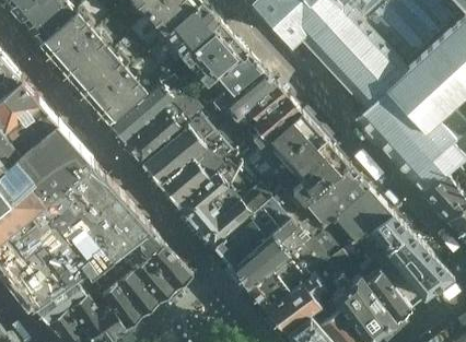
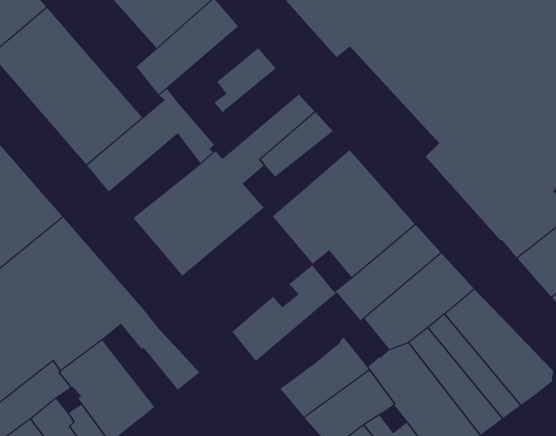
building: [167,24,234,79] -> none
building: [199,55,264,120] -> none
building: [246,101,301,150] -> none
building: [125,103,191,164] -> none
building: [178,156,273,247] -> none
building: [232,219,310,288] -> none
building: [120,241,175,302] -> none

